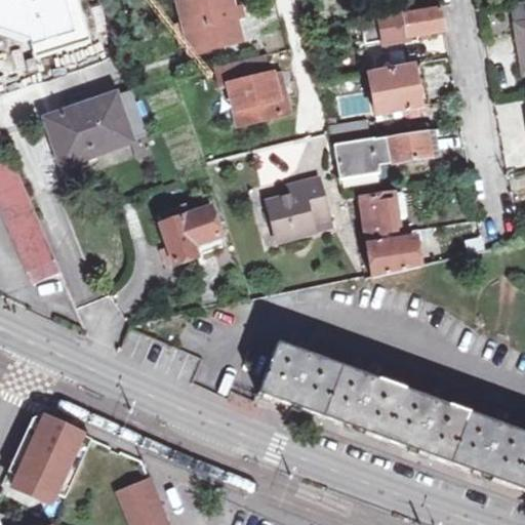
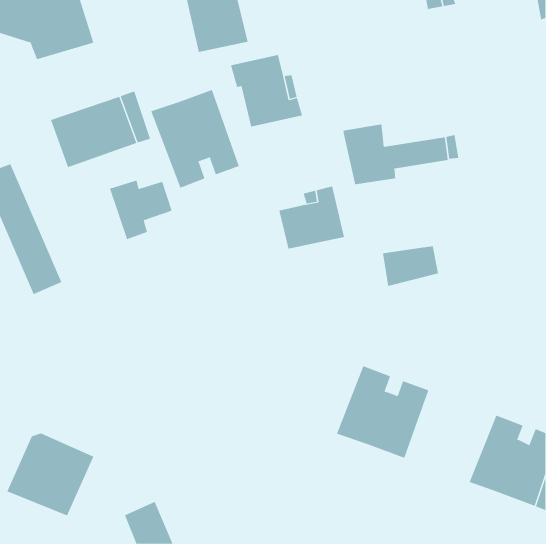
building: [378,7,444,39] -> none
building: [369,67,420,113] -> none
building: none -> [151,89,240,188]
building: [358,191,407,243] -> none
building: [161,214,221,272] -> [109,180,172,240]
building: [255,340,348,416] -> none
building: [388,374,475,462] -> none

